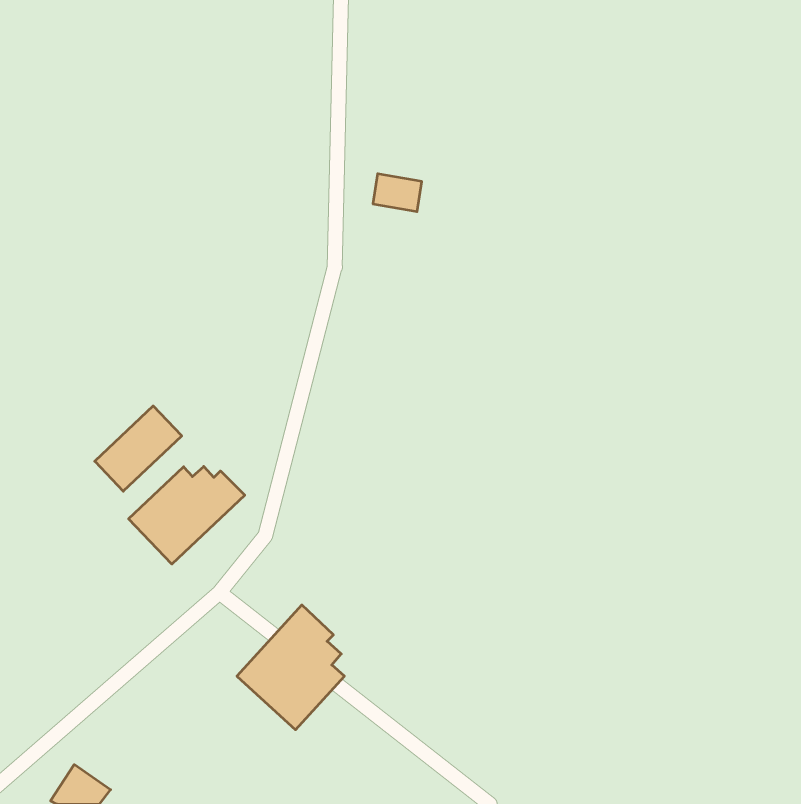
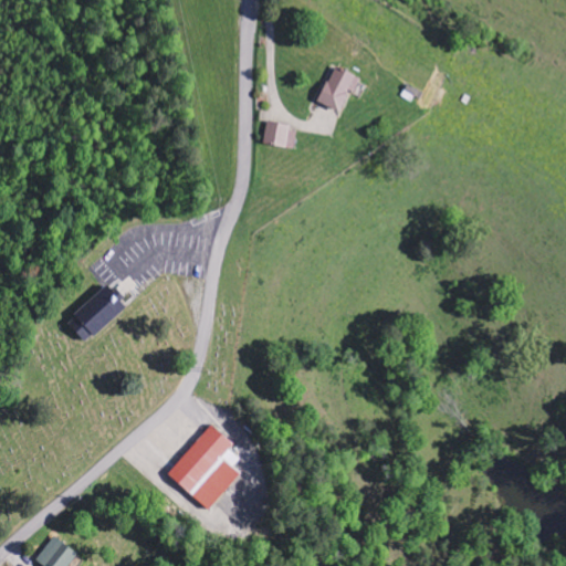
building: none -> [317,65,357,112]
building: [129,466,245,564] -> none

